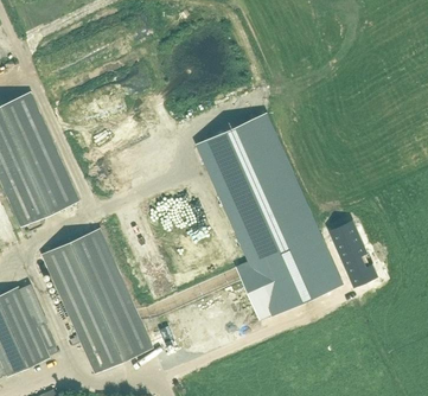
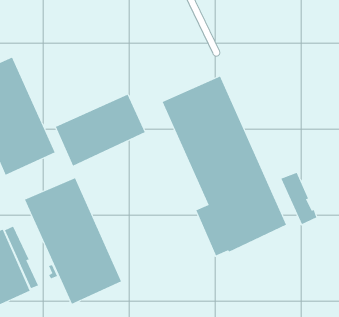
building: none -> [55,94,145,167]

